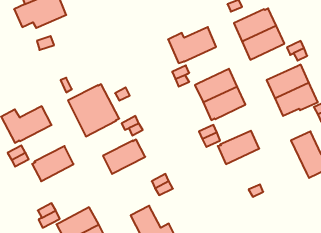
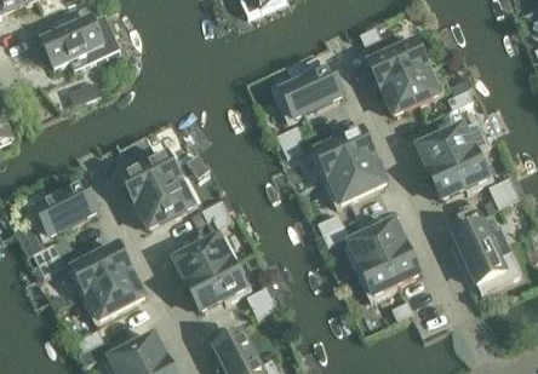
building: none -> [356,247,418,299]
building: none -> [187,259,251,310]
building: none -> [81,270,144,321]

